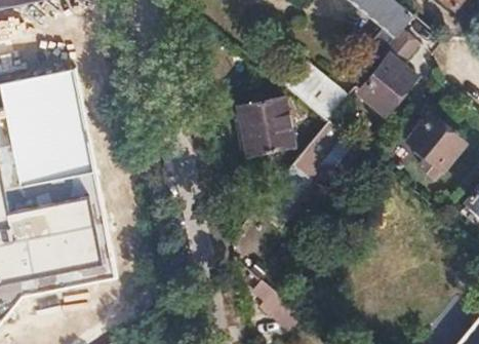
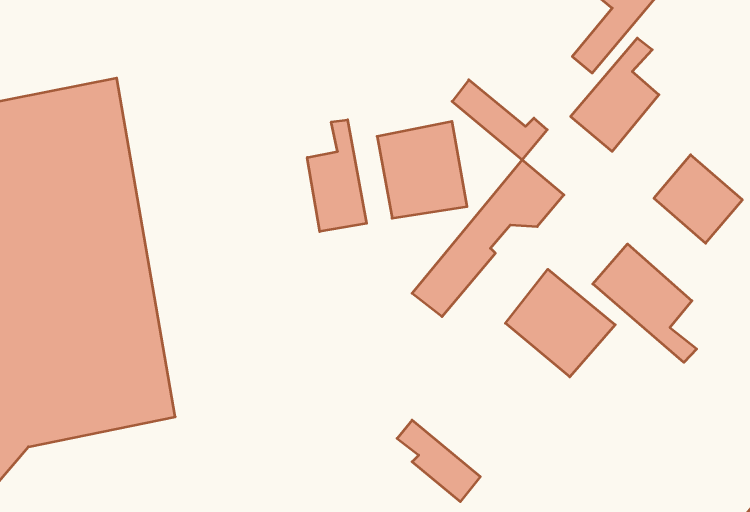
building: none -> [307,120,367,232]
building: none -> [593,244,697,362]
building: none -> [505,269,615,377]

